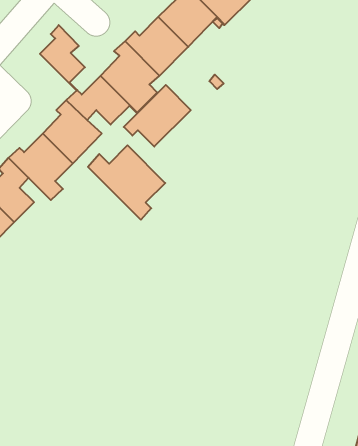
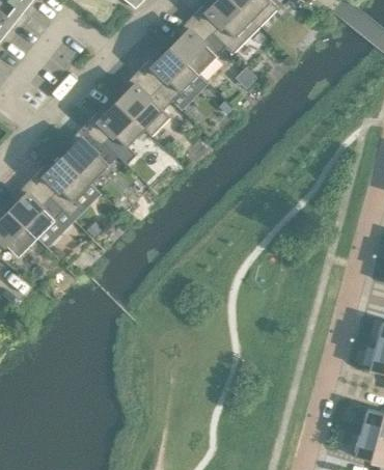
building: [40,25,85,90] -> none
building: [124,85,191,147] -> none
building: [88,145,165,220] -> none

